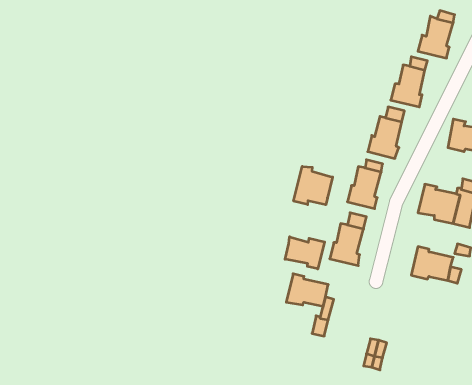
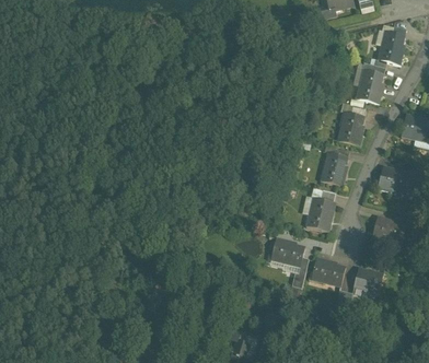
building: [294,166,333,205] -> none
building: [285,237,325,269] -> none
building: none -> [311,259,344,286]
building: none -> [353,269,382,297]

